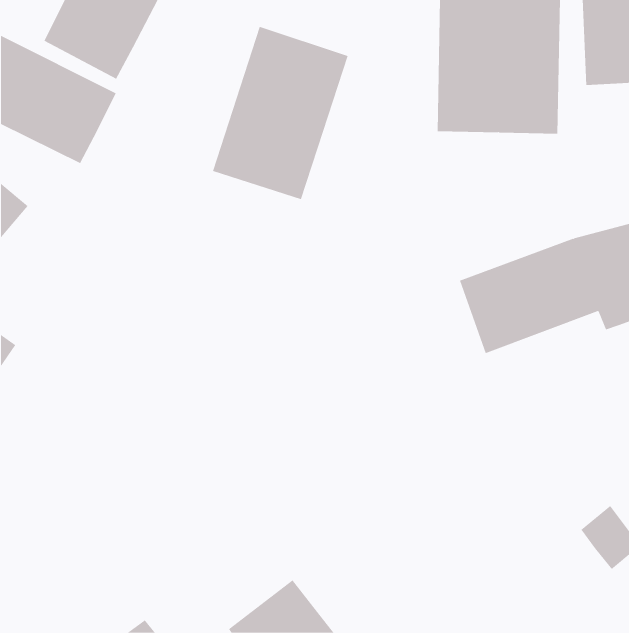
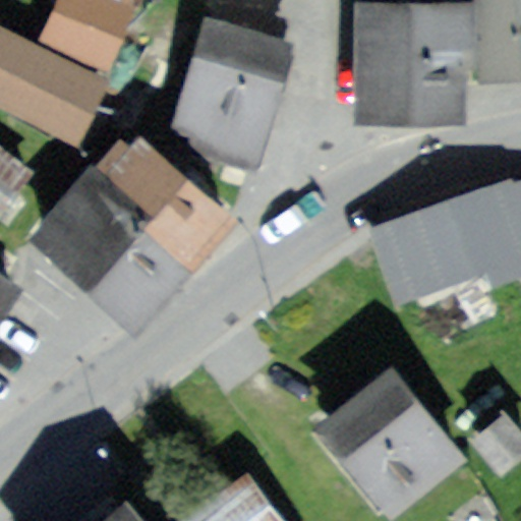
building: none -> [36,133,228,325]
building: none -> [335,371,456,497]

